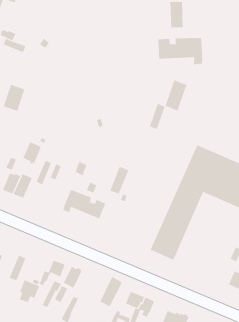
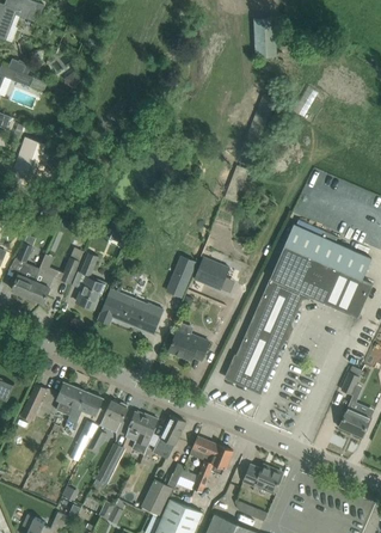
building: [158,37,203,65] -> none
building: [165,79,187,112] -> none
building: [22,141,41,165] -> [76,277,104,311]
building: none -> [195,257,229,289]
building: none -> [168,329,210,360]
building: none -> [127,411,158,446]
building: [19,280,40,303] -> [56,381,86,415]

